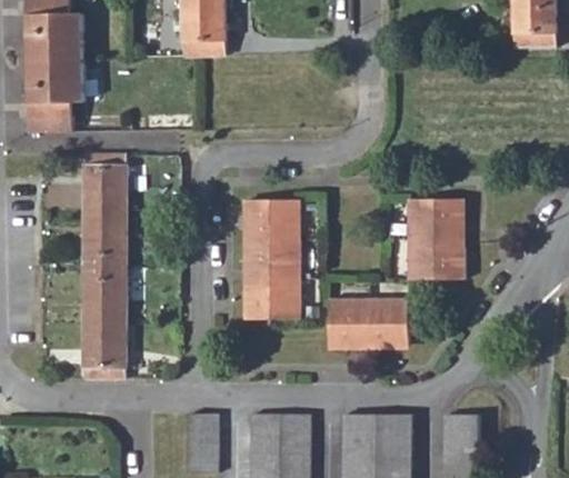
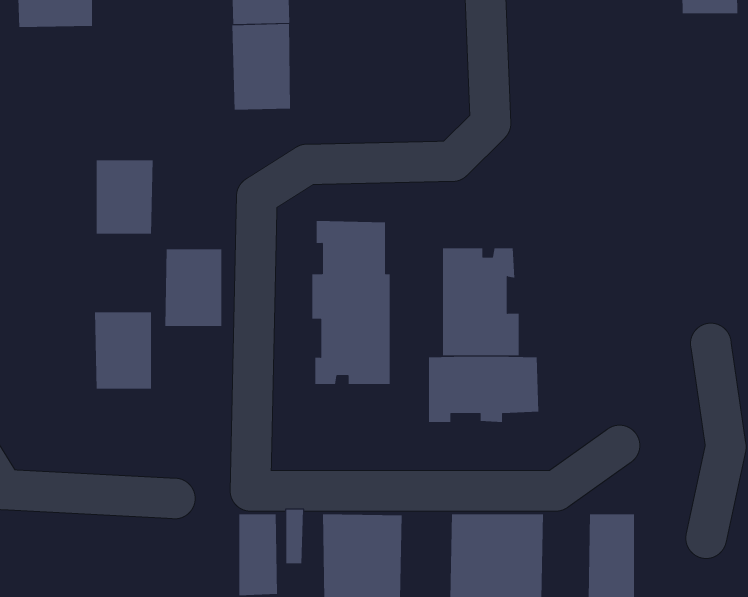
building: none -> [232,23,290,111]
building: [27,58,82,136] -> none
building: [408,200,465,279] -> [442,248,520,356]
building: [82,210,124,267] -> [164,249,222,326]
building: [82,323,124,378] -> none

